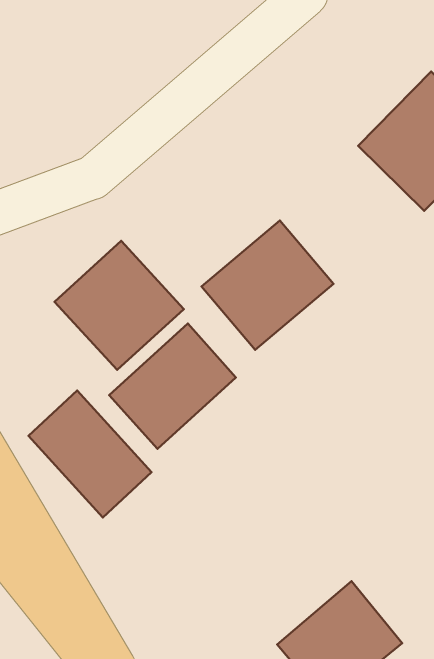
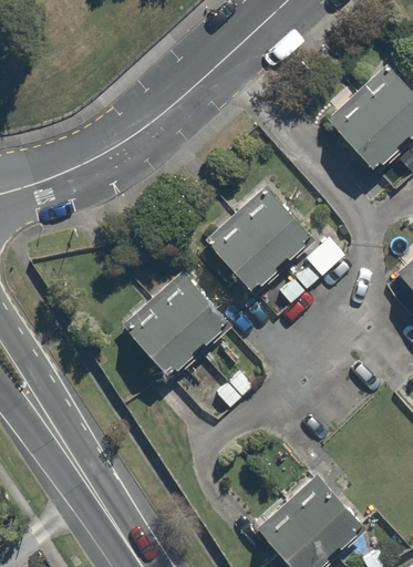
building: [55,241,184,370] -> none
building: [29,391,152,518] -> none

